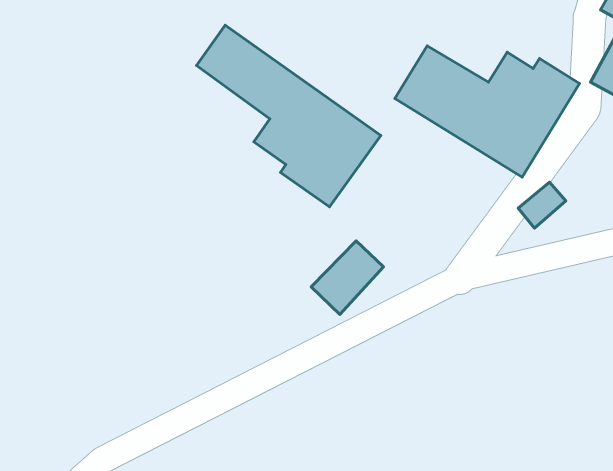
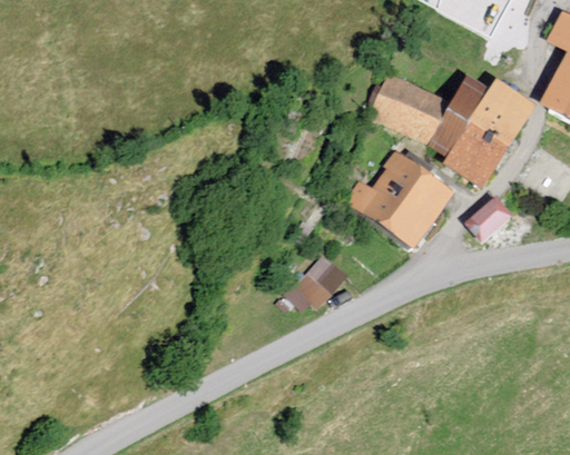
building: [197,25,381,207] -> none
building: none -> [345,152,451,248]

